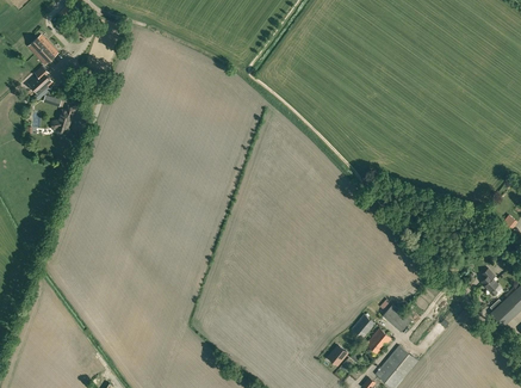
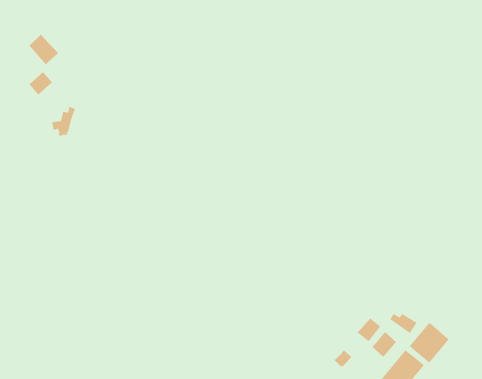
building: none -> [409,322,449,363]

